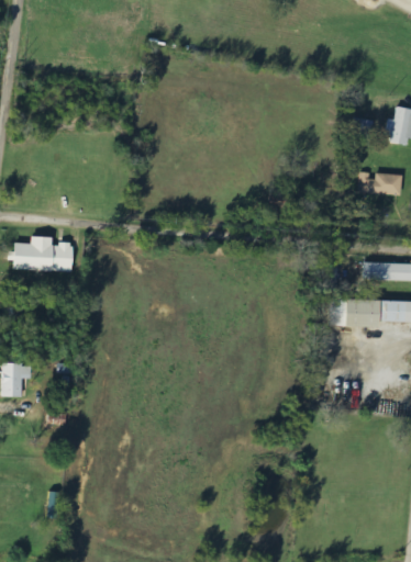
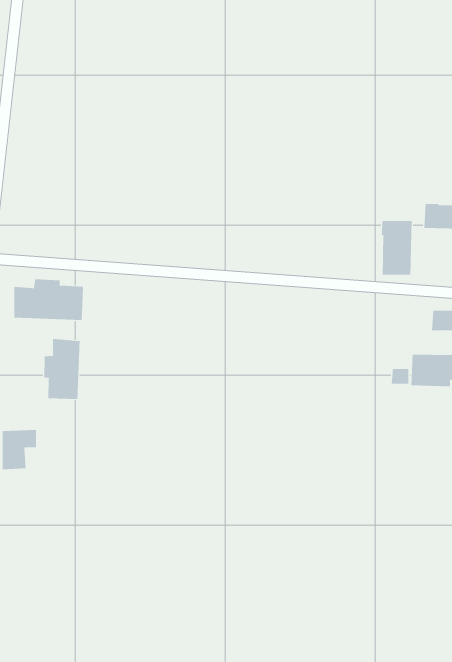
building: none -> [381,220,412,276]
building: none -> [44,338,80,400]

